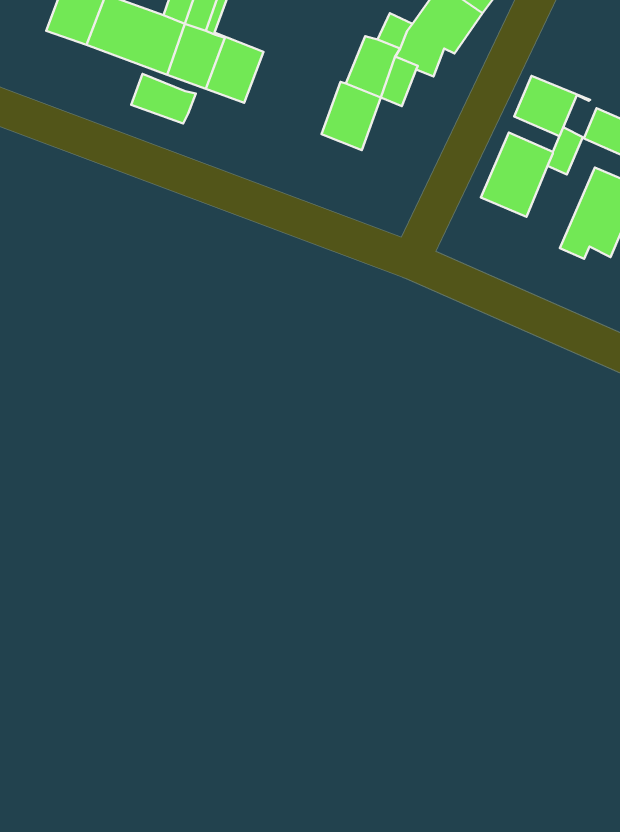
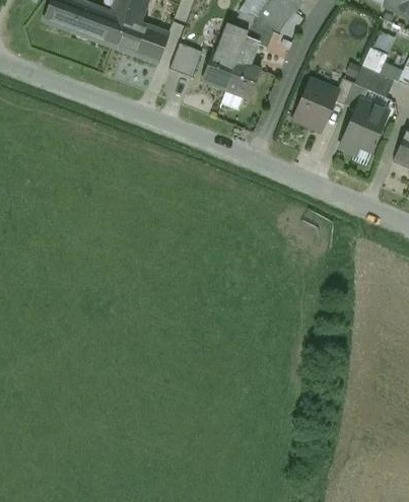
building: none -> [168,43,201,77]
building: [131,74,196,123] -> none
building: [514,76,590,136] -> none
building: none -> [225,60,260,98]

